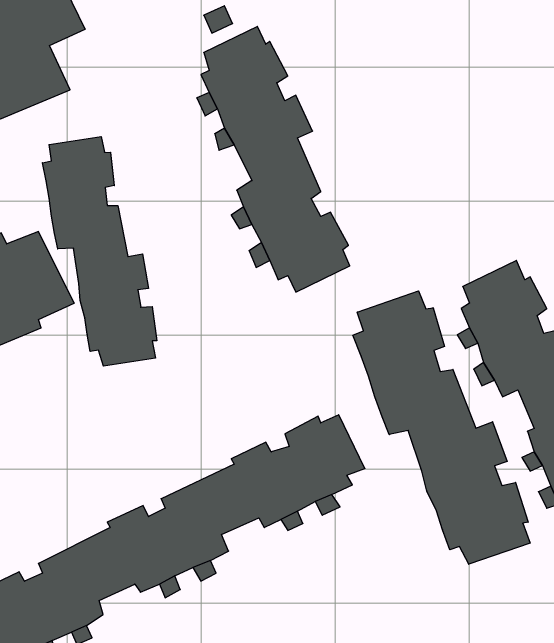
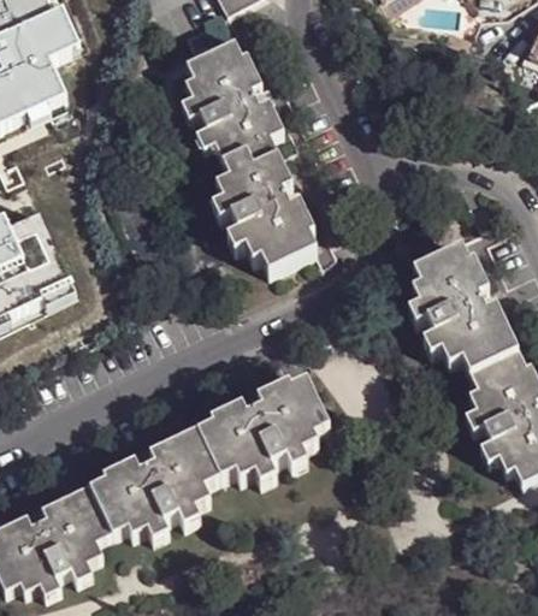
building: [42,137,157,366] -> none
building: [353,291,530,564] -> none

